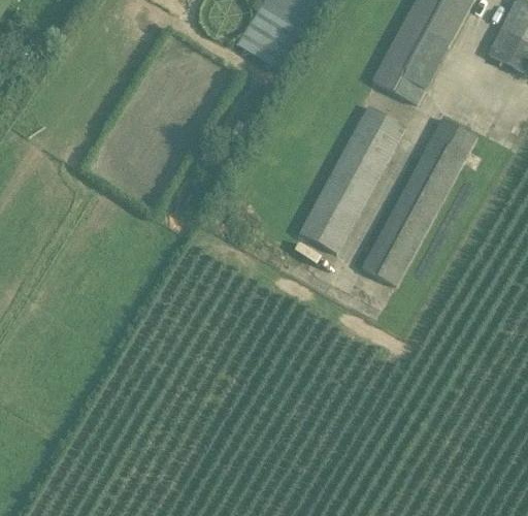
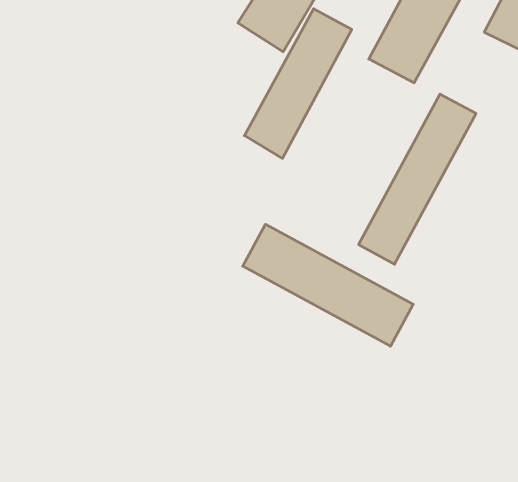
building: [299,104,406,254] -> [244,9,352,158]
building: none -> [243,224,413,346]

